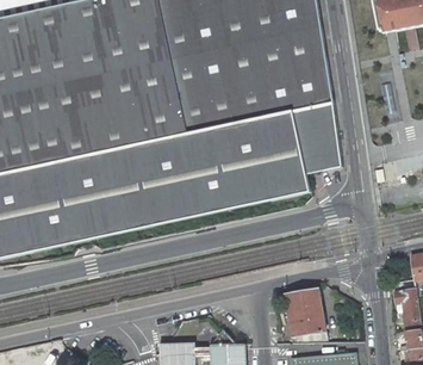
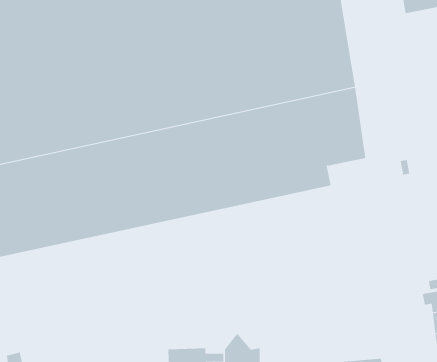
building: [284,287,325,341] -> none

